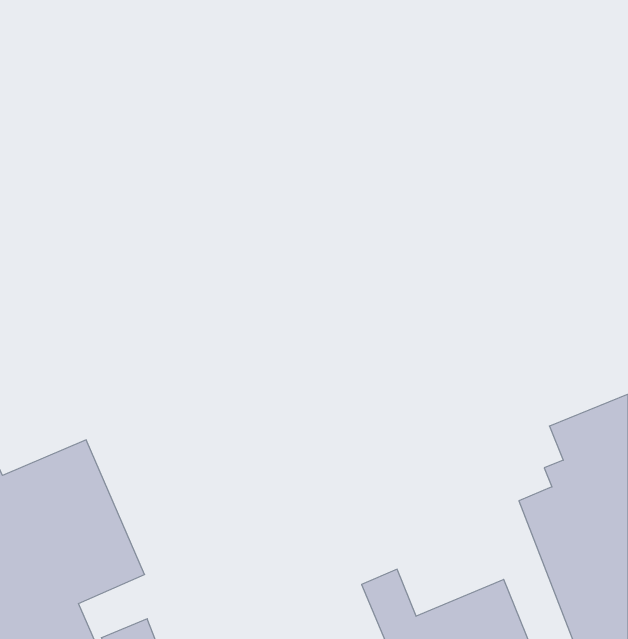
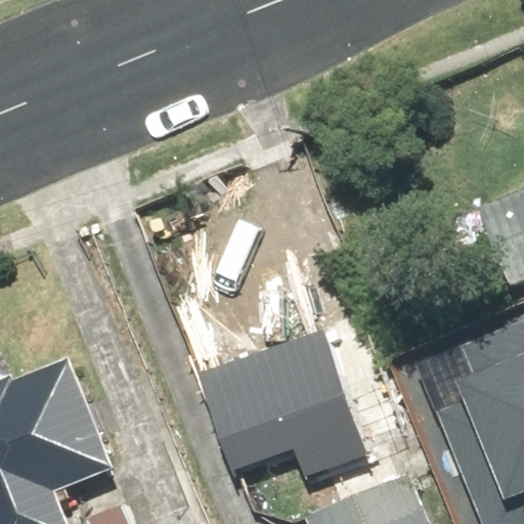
building: none -> [202,314,409,472]

